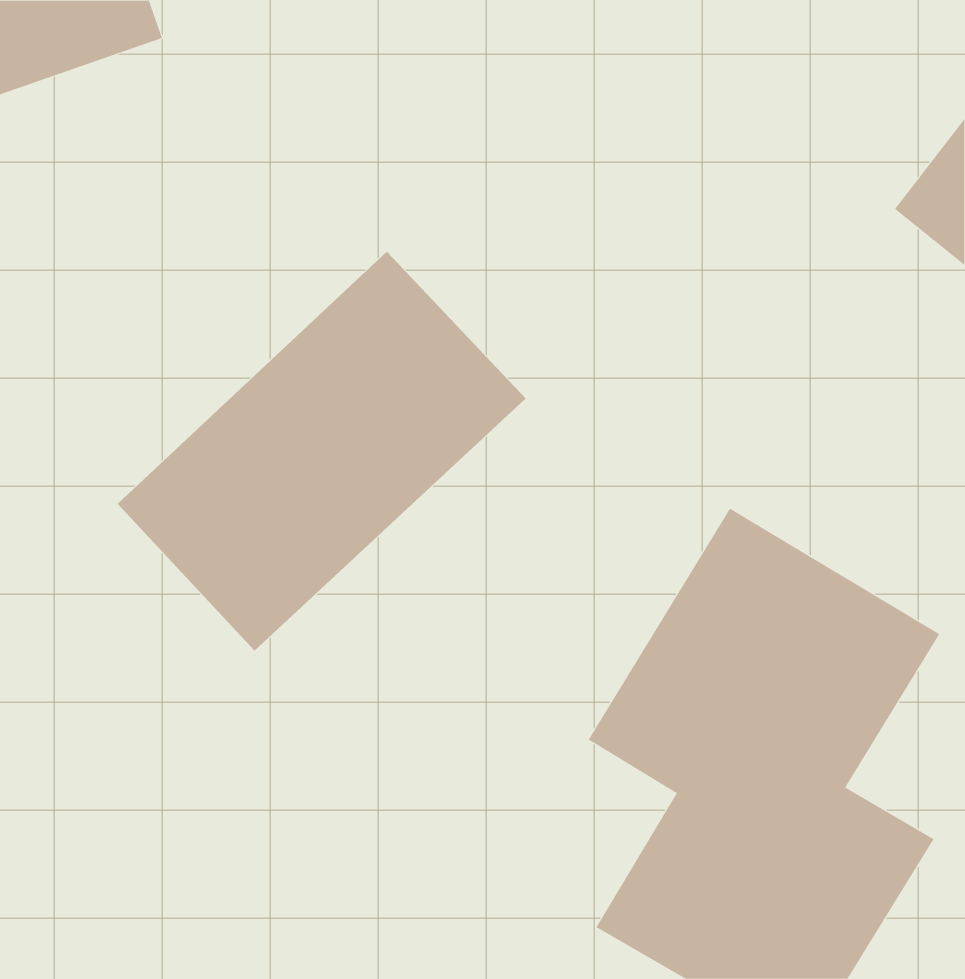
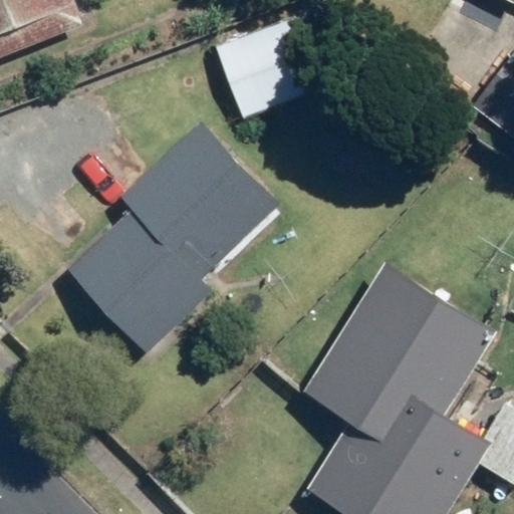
building: none -> [226,23,319,115]

